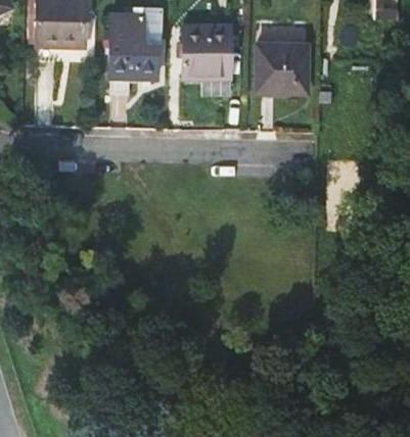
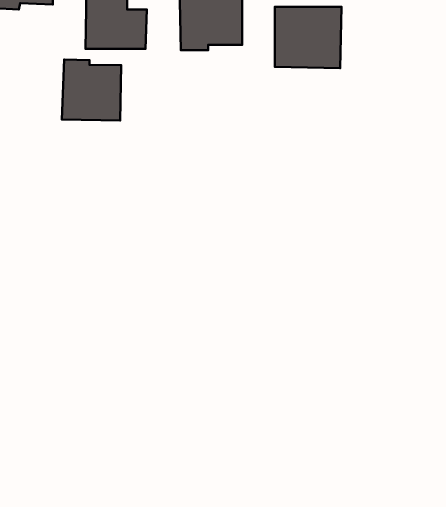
building: none -> [62,60,121,120]

